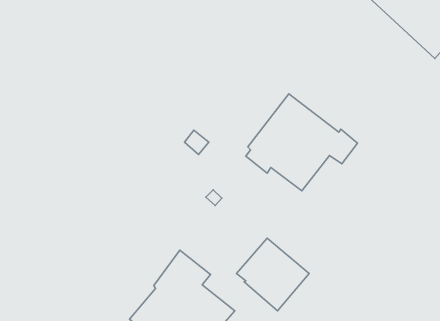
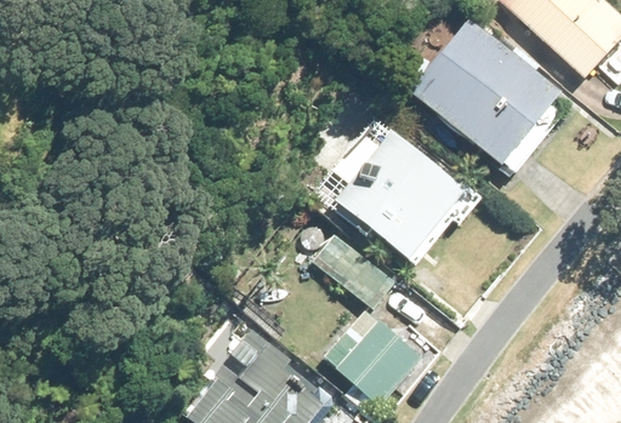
building: none -> [408,18,569,177]
building: none -> [313,234,394,308]

